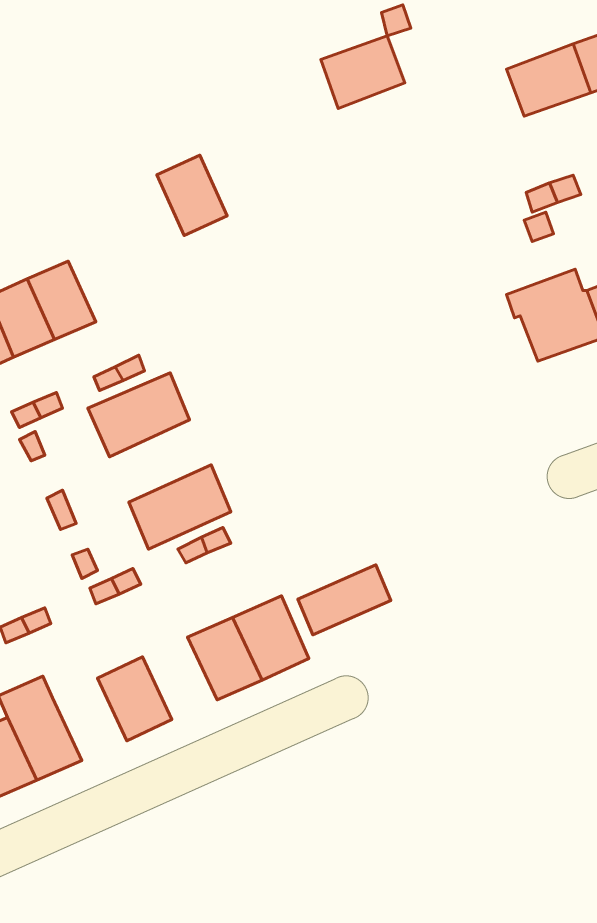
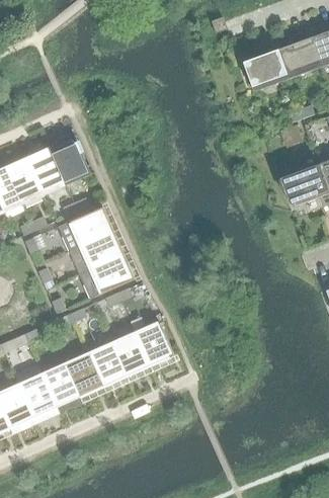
building: [321,36,405,108] -> [241,52,284,89]
building: [157,155,227,236] -> [49,141,85,182]
building: none -> [70,233,122,275]
building: [298,565,391,635] -> none
building: none -> [87,345,126,388]
building: none -> [40,366,79,409]

